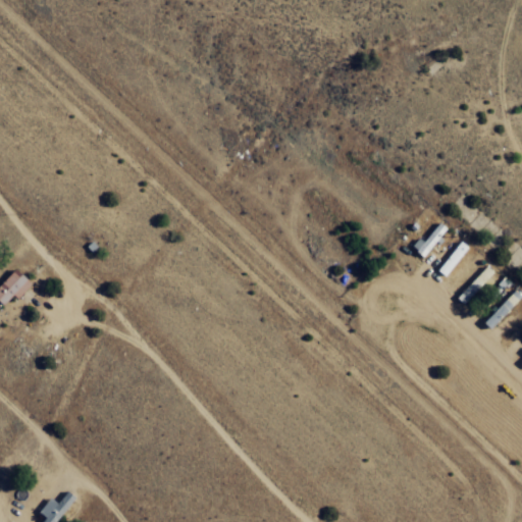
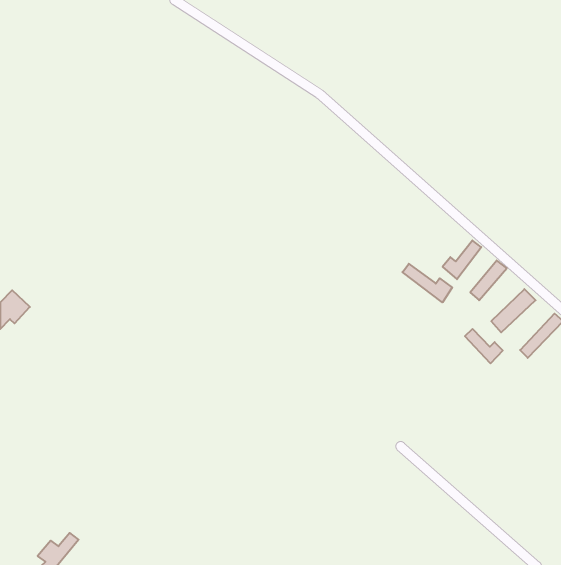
building: none -> [402,264,452,302]
building: none -> [465,329,503,363]

